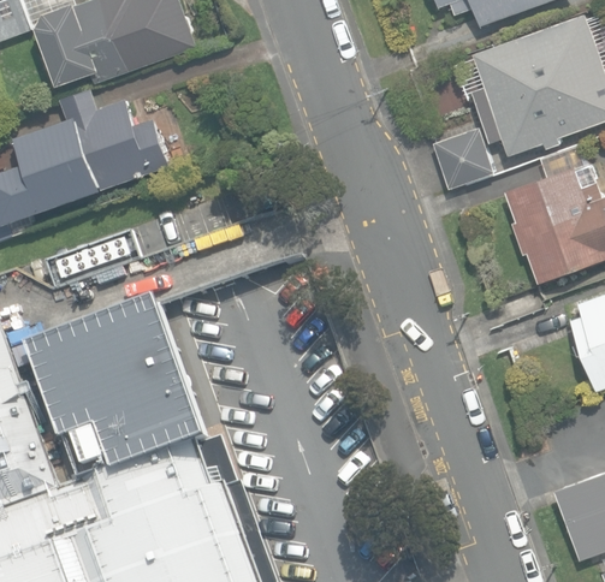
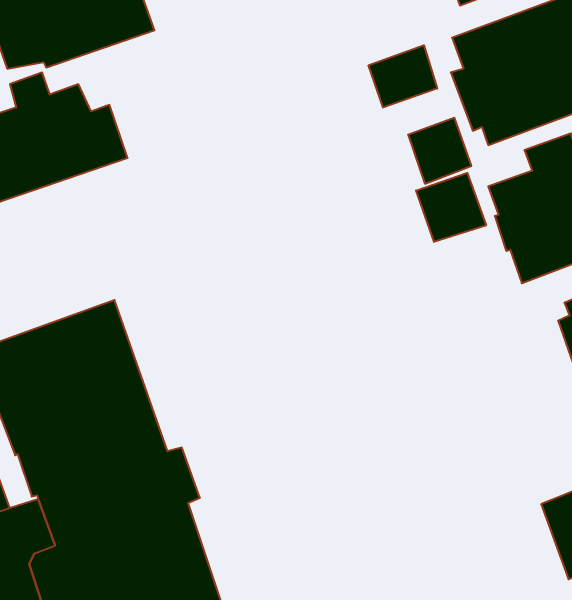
building: none -> [369,45,437,108]
building: none -> [416,173,486,242]

